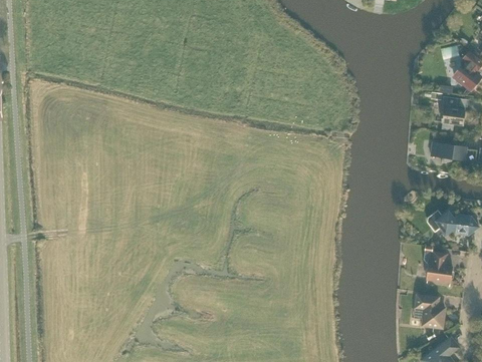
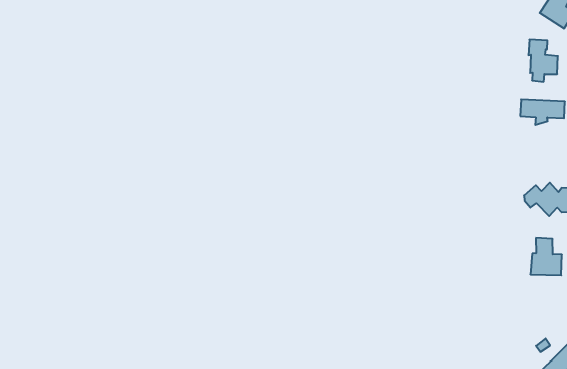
building: [414,295,444,328] -> none

